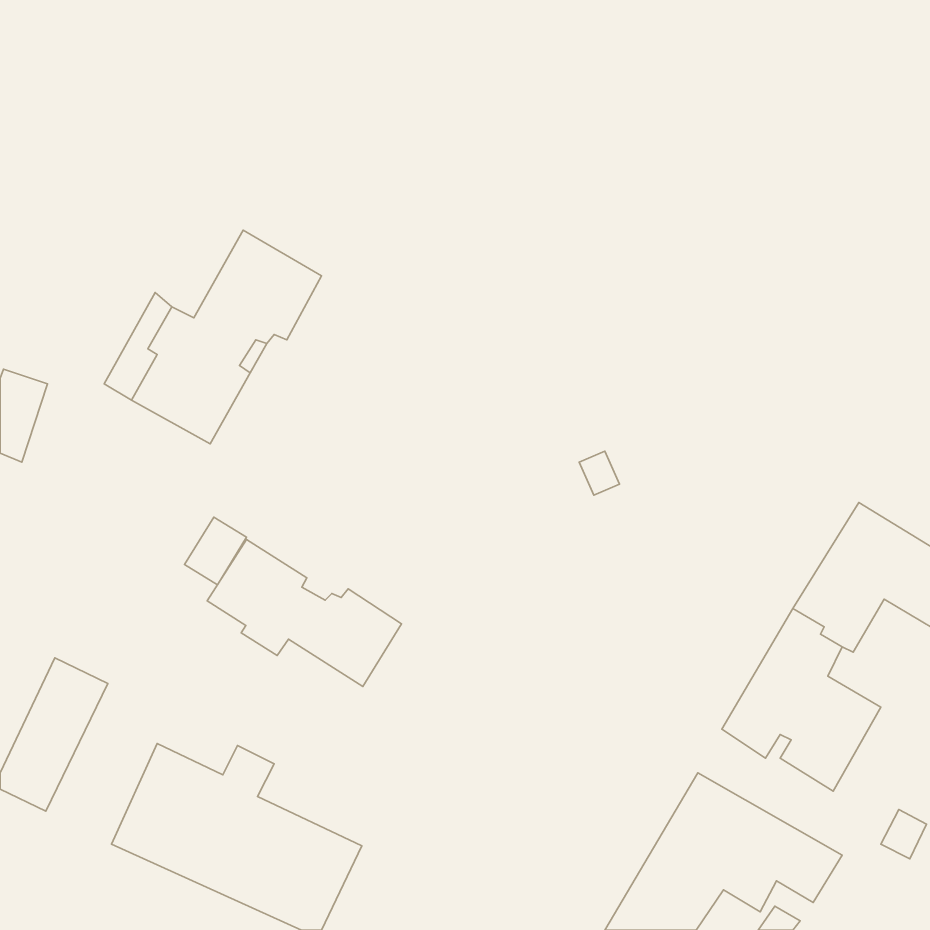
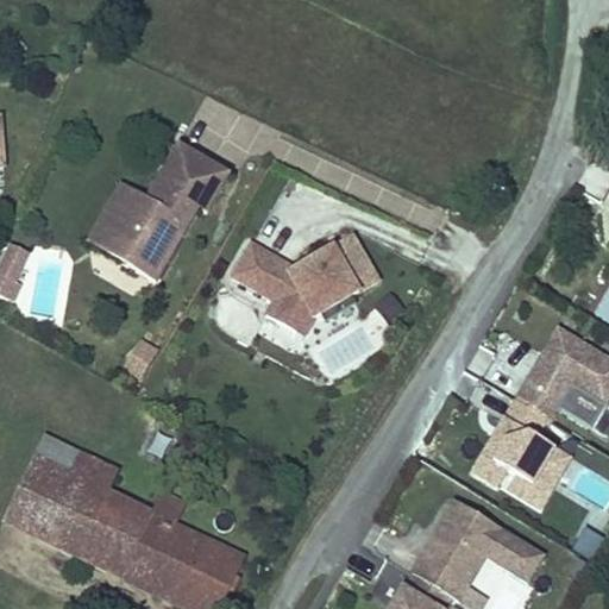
building: none -> [233,238,388,339]
building: [207,540,402,686] -> none
building: none -> [32,445,113,550]

